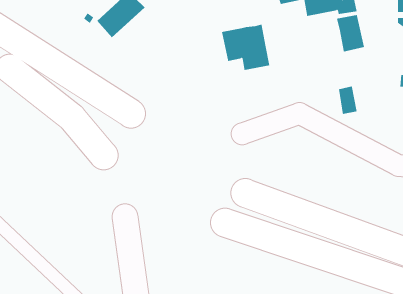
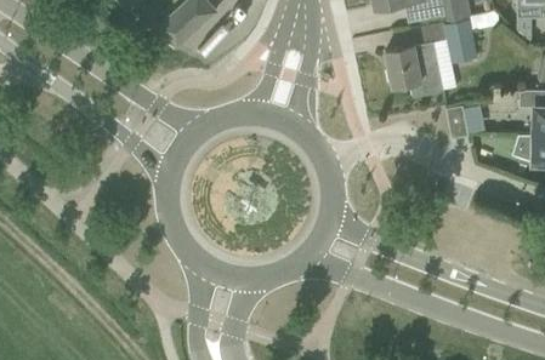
building: [221,24,270,71] -> [385,40,443,96]

